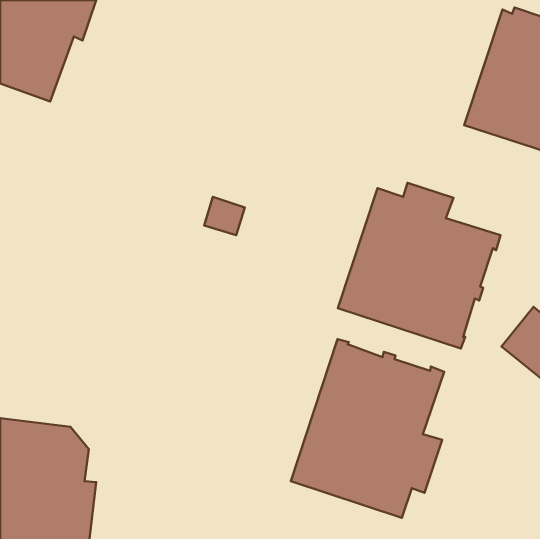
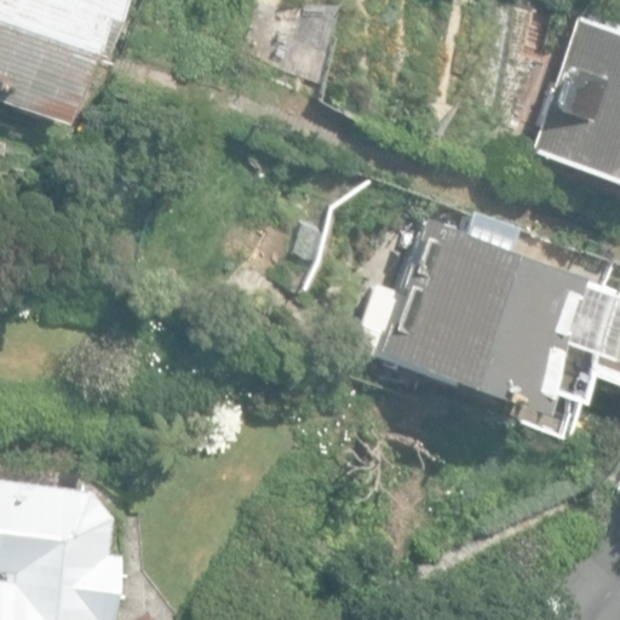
building: [291,339,444,518] -> none

